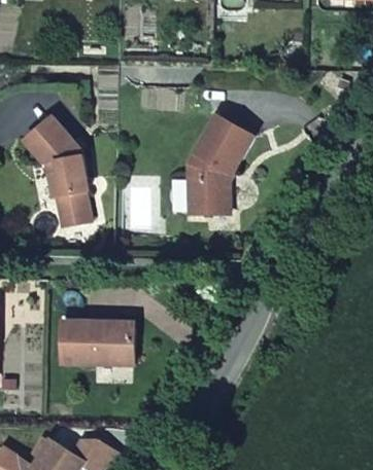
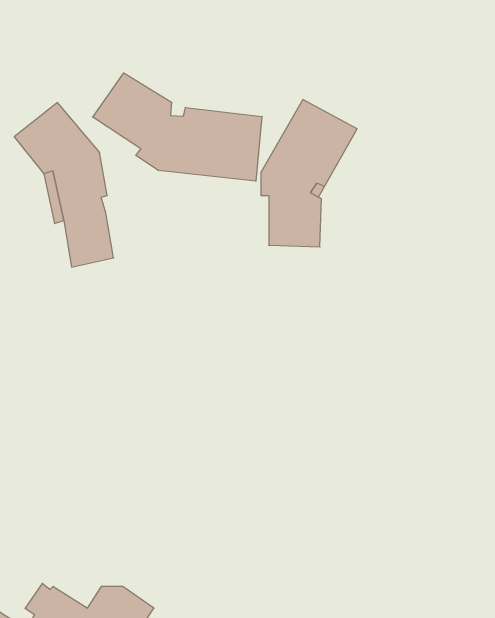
building: none -> [93,73,262,181]
building: [60,323,131,366] -> none

